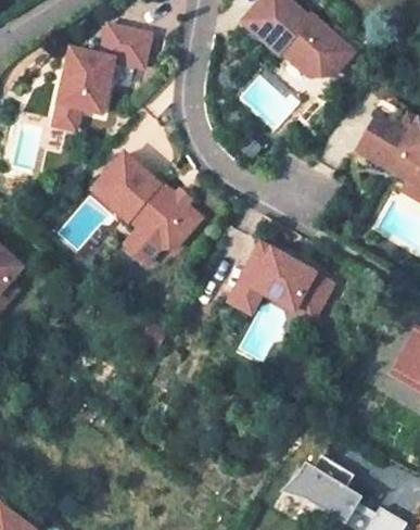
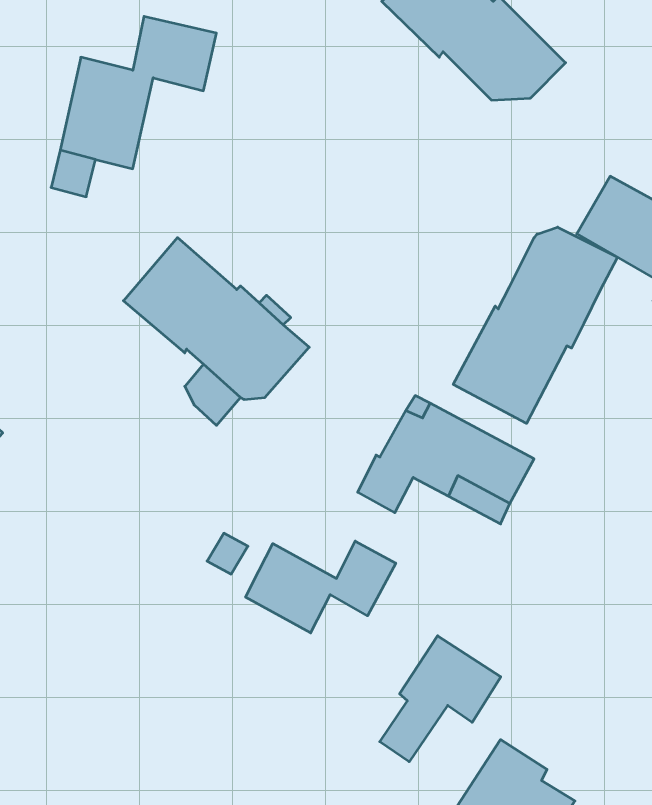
building: none -> [453,227,618,423]
building: none -> [246,541,396,633]
building: none -> [380,636,501,762]

